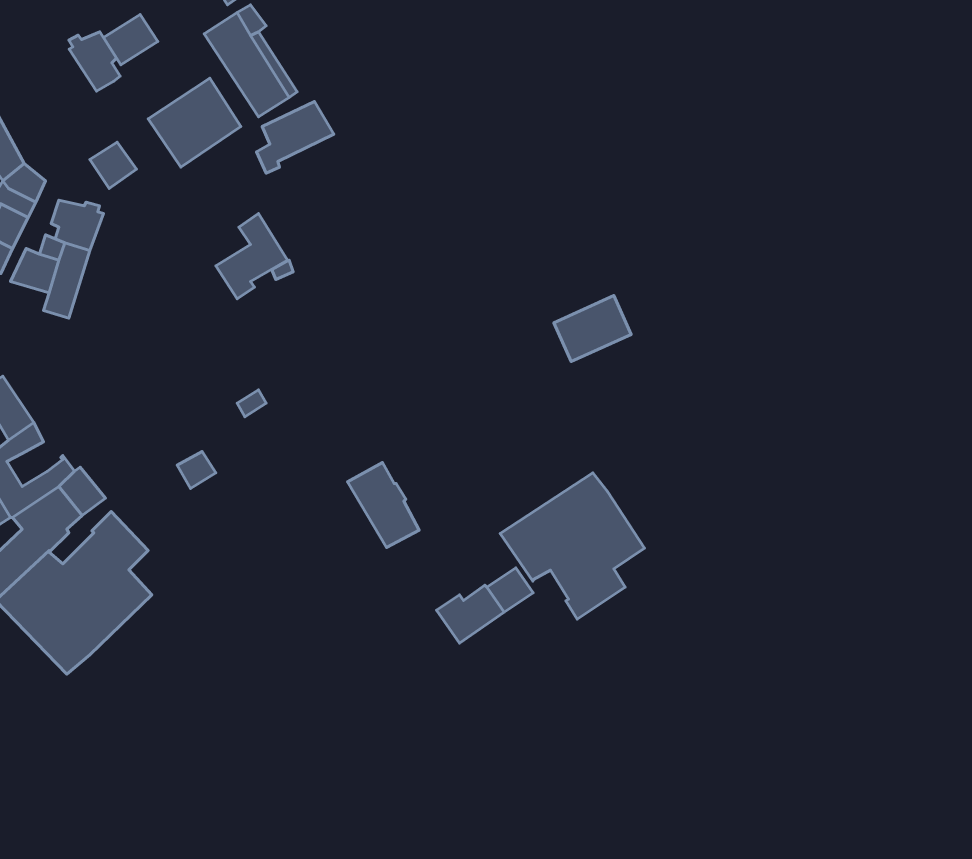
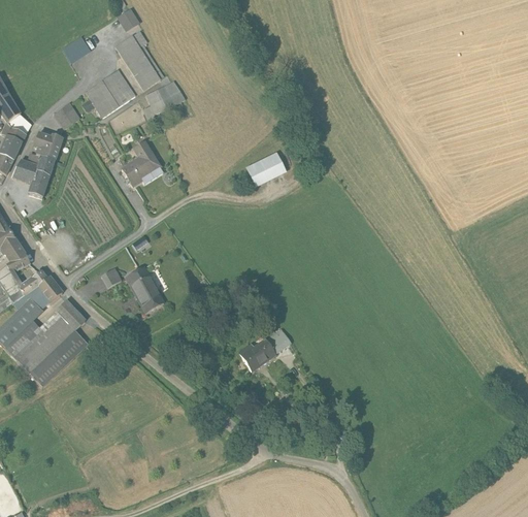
building: [69,32,120,91] -> none
building: [554,296,631,361] -> [243,152,285,187]
building: [348,462,419,547] -> [125,267,163,313]
building: [500,473,644,619] -> none

